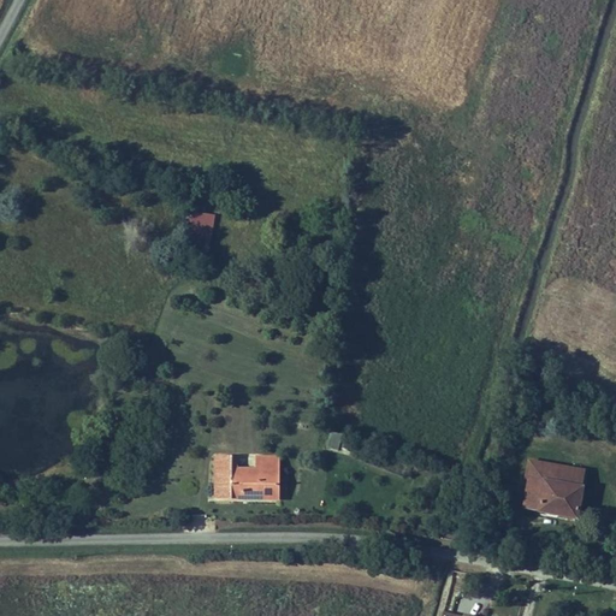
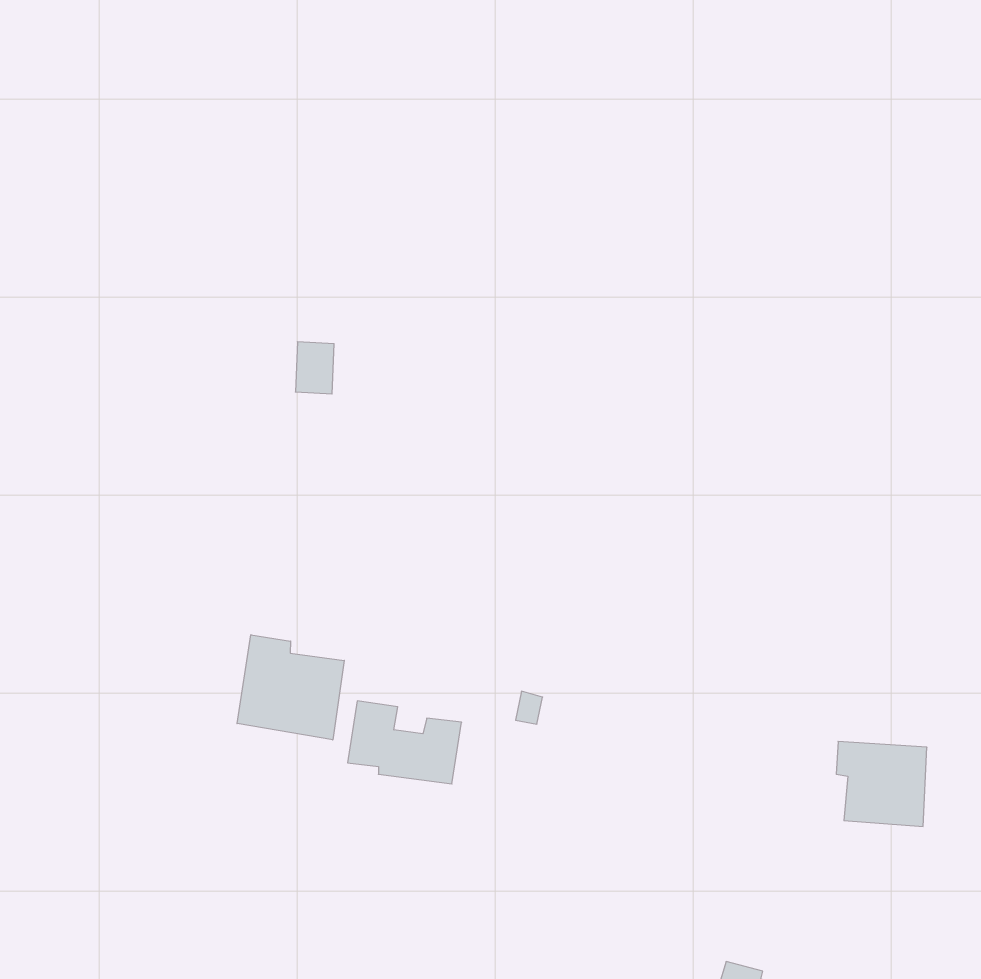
building: none -> [237,635,344,740]

